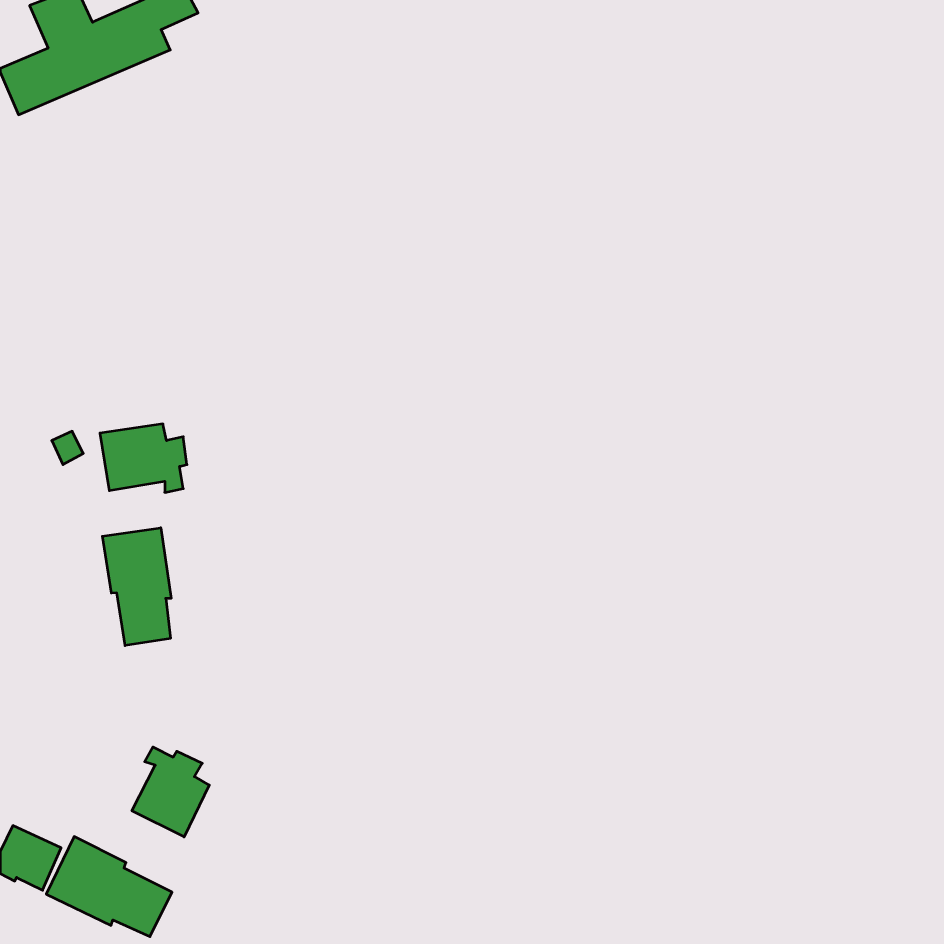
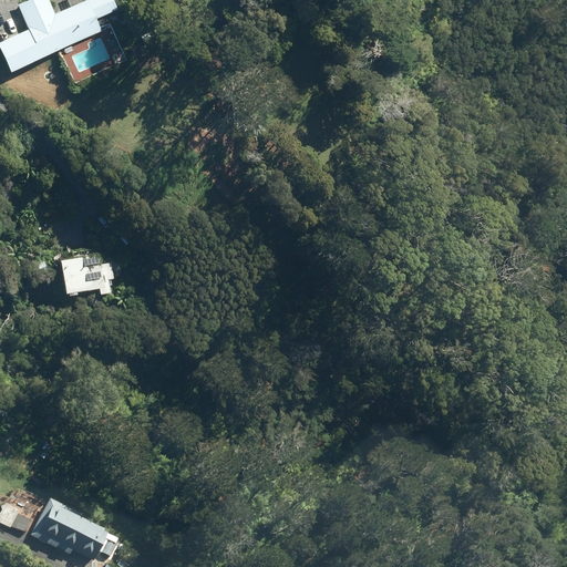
building: [102,528,171,646] -> none
building: [132,747,209,837] -> none

